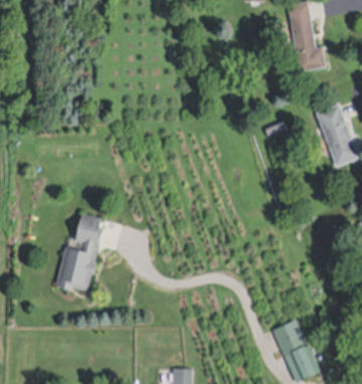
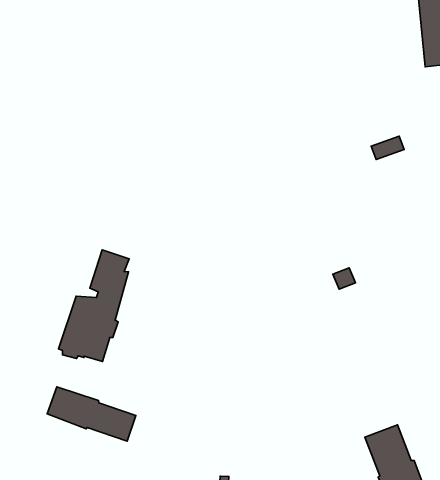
building: none -> [47,387,136,441]

